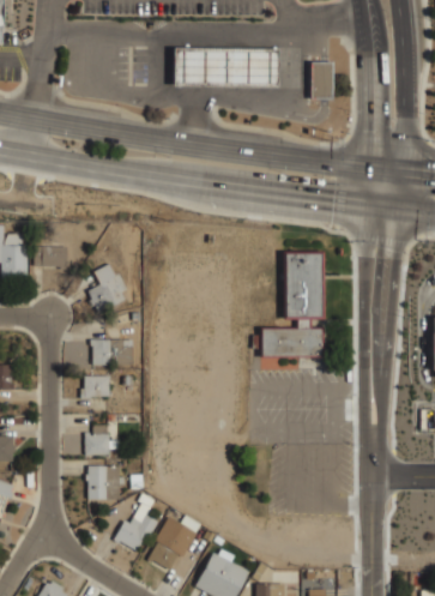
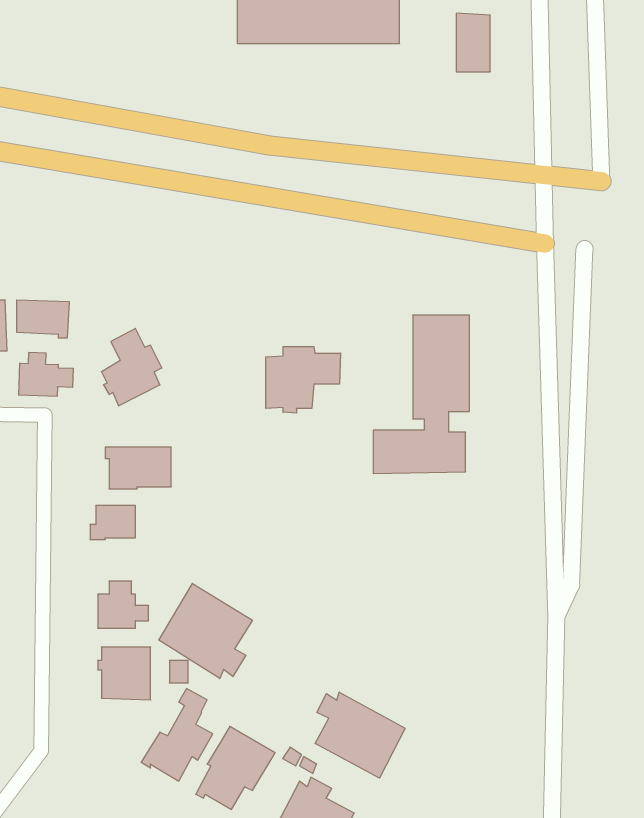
building: none -> [266,347,341,413]
building: none -> [19,352,73,396]
building: none -> [159,583,252,679]
building: none -> [315,692,405,778]

